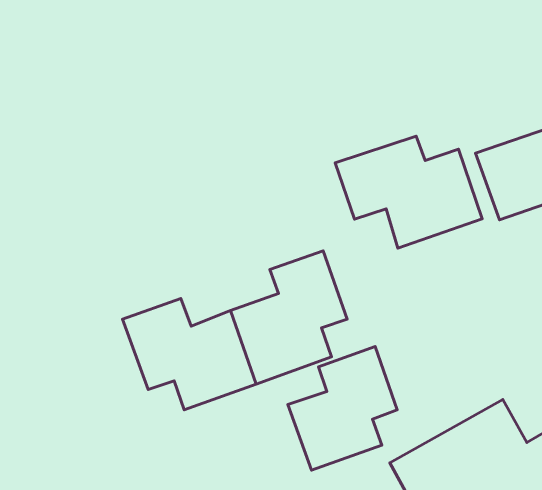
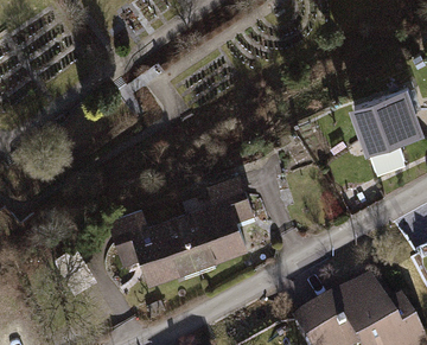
building: [335,136,482,248] -> none
building: [288,346,397,470] -> none

